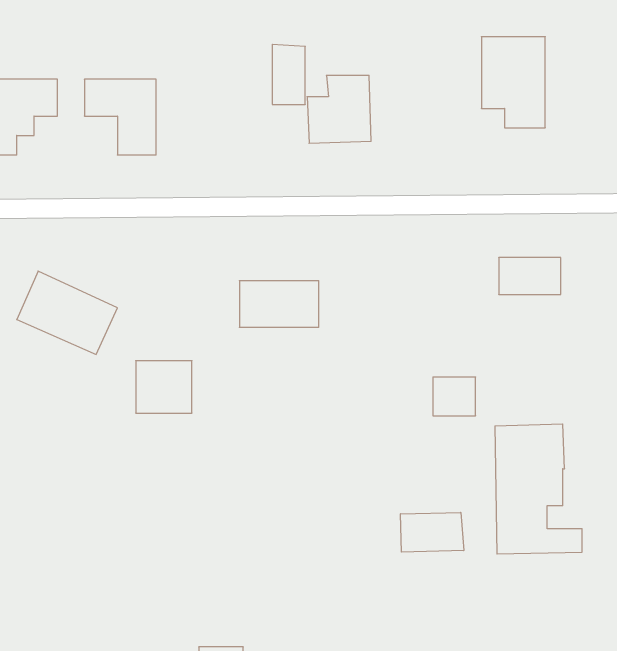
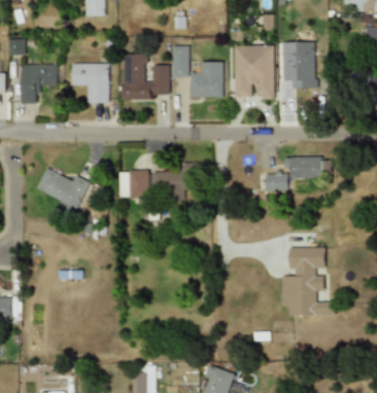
building: none -> [235,44,275,100]
building: none -> [122,55,168,100]
building: [136,361,192,413] -> [121,170,150,198]
building: [433,377,476,416] -> [266,171,288,191]
building: [401,512,464,552] -> none

